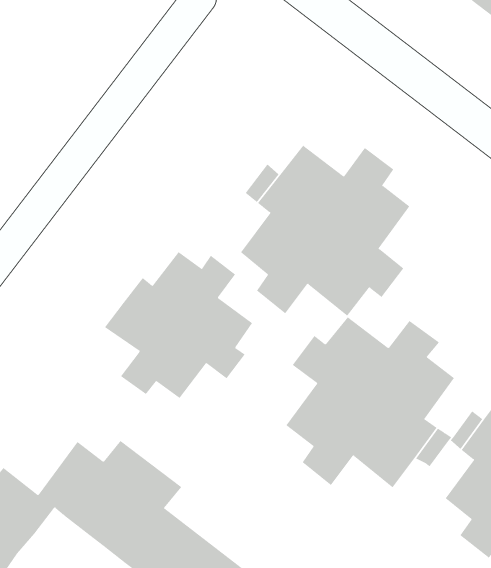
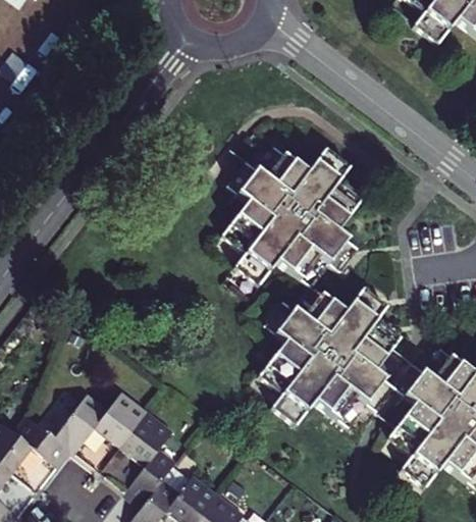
building: [104,251,253,399] -> none

